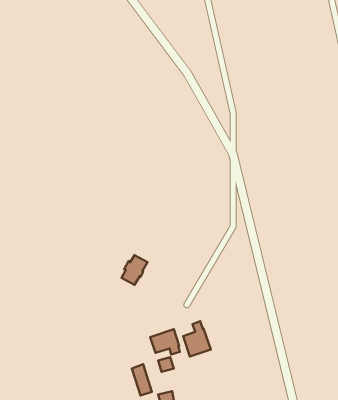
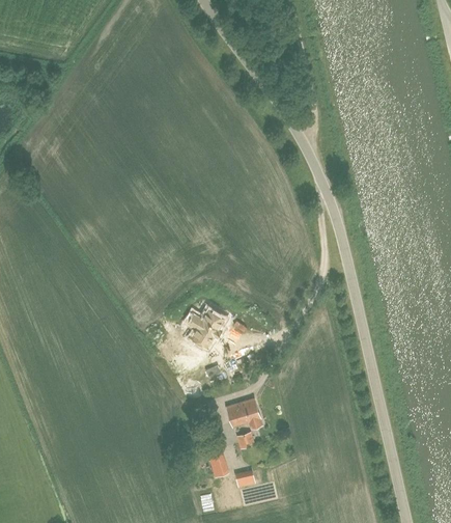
building: [183,321,211,357] -> none

